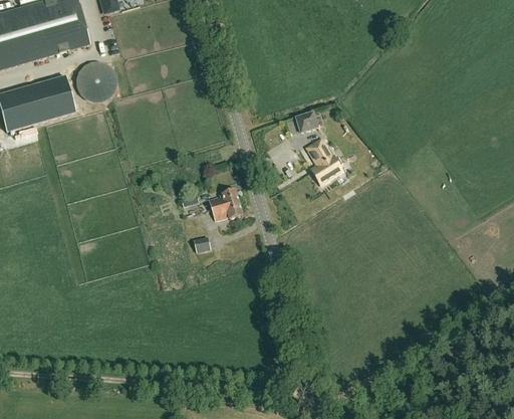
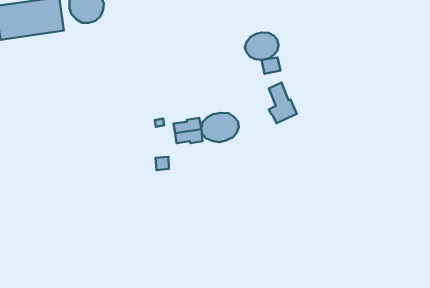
building: none -> [245,33,278,60]
building: none -> [201,113,239,142]

